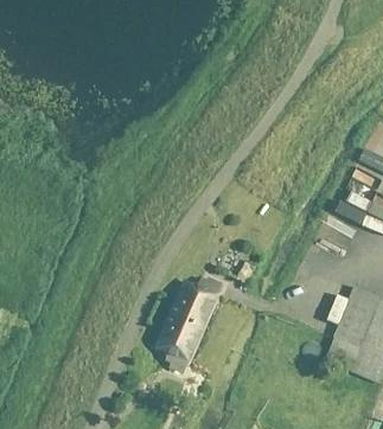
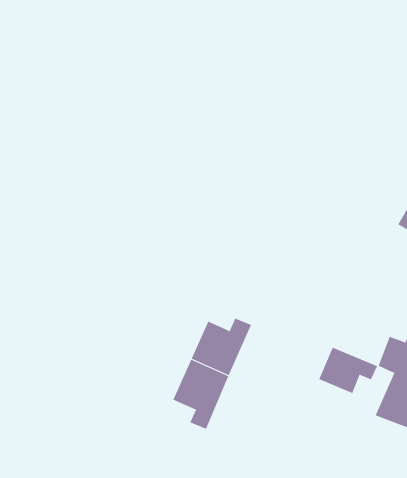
building: none -> [319,347,378,394]

